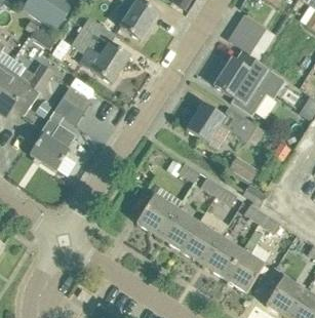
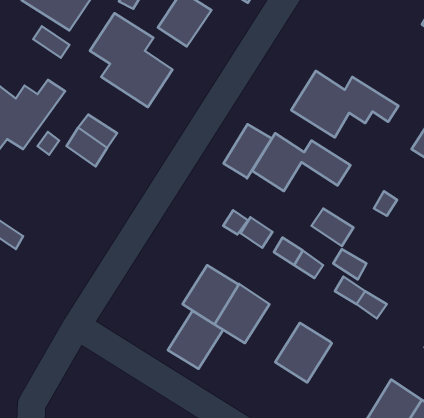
building: [229,12,274,59] -> none
building: none -> [223,124,272,179]
building: [30,116,76,170] -> none
building: [181,223,220,264] -> [168,311,223,369]
building: [225,238,264,291] -> none

